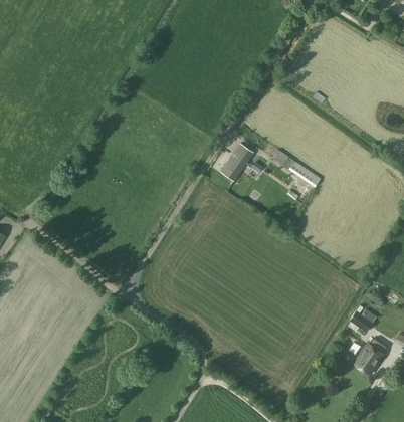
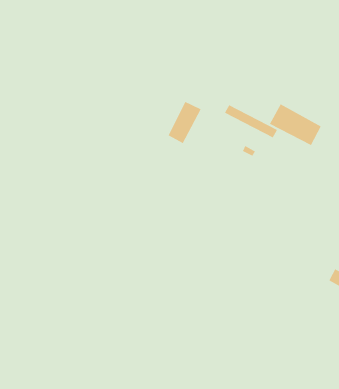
building: none -> [269,104,321,146]

